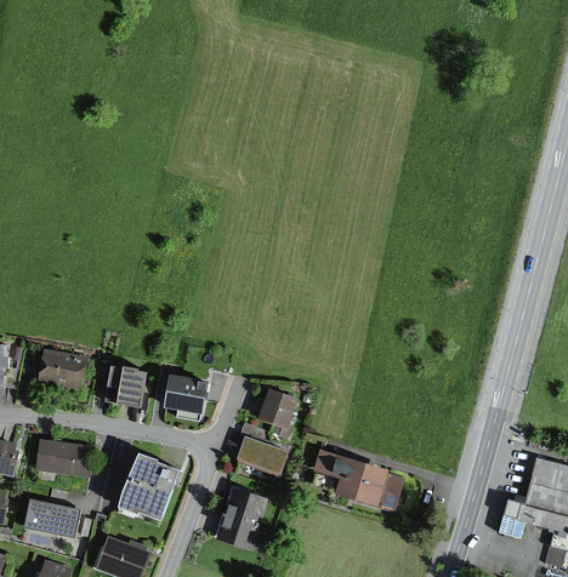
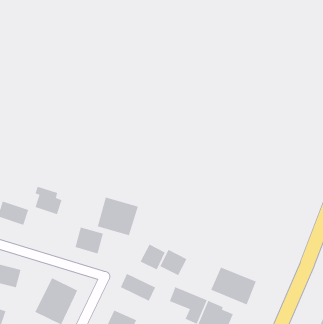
building: none -> [97,196,139,236]
building: [110,367,152,406] -> [34,186,63,215]
building: none -> [159,249,188,276]
building: none -> [210,266,257,306]

